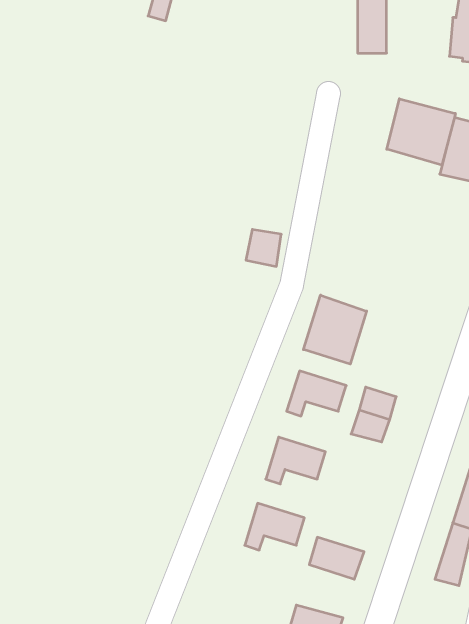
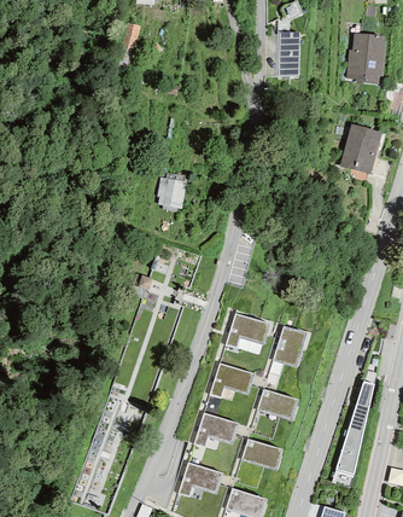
building: [387,99,455,165] -> none
building: [246,229,281,266] -> [158,181,185,209]
building: [303,295,367,364] -> none
building: none -> [256,389,297,420]
building: none -> [179,463,222,496]

